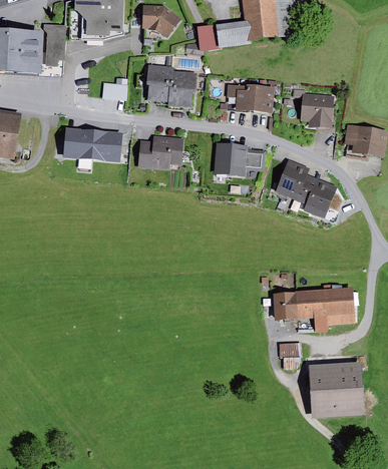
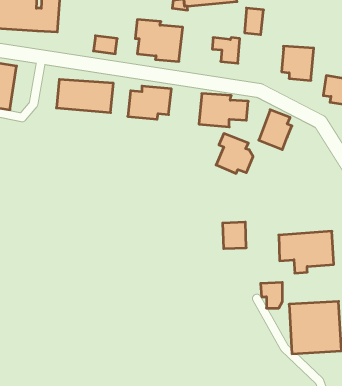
building: [254,84,274,112] -> [245,8,264,35]
building: [303,176,342,218] -> [216,134,253,173]
building: [273,292,298,320] -> [223,222,246,249]

